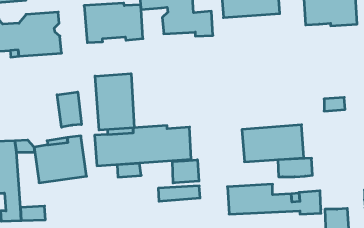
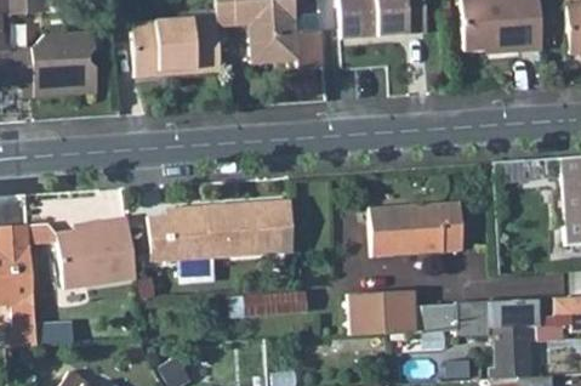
building: [95,74,134,130] -> none
building: [57,92,81,127] -> none
building: [278,158,312,177] -> [486,300,539,328]
building: [172,160,199,183] -> none

